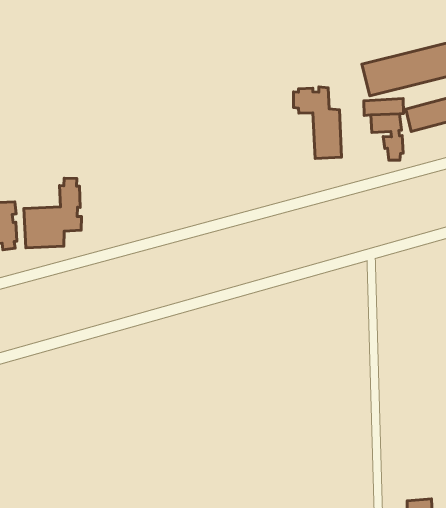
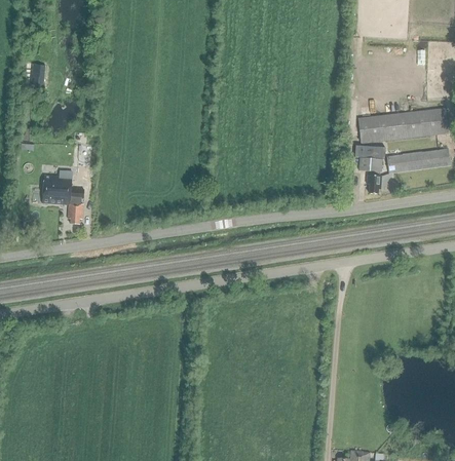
building: [294,87,342,158] -> none
building: [24,178,82,248] -> none

